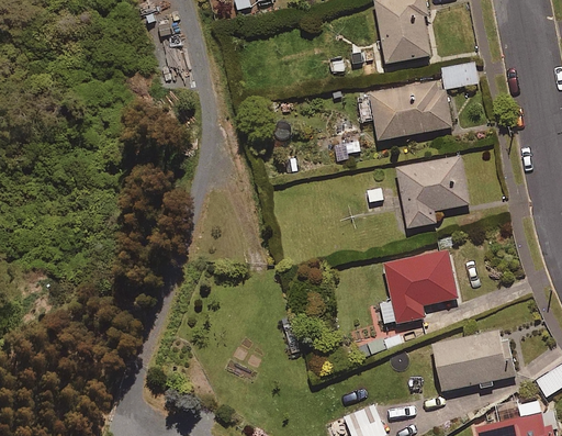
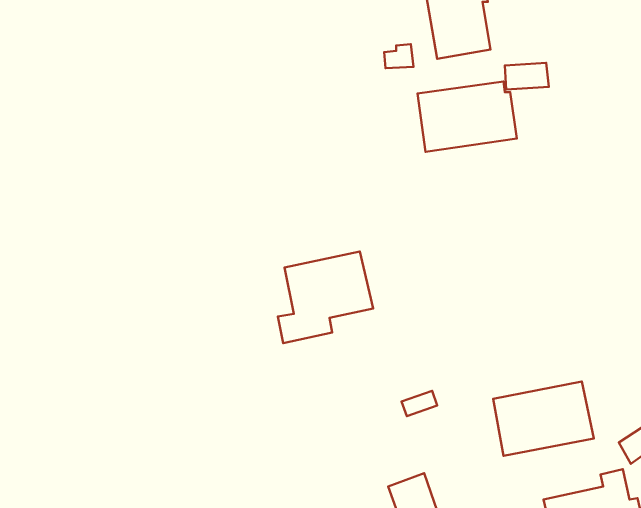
building: [396,157,469,227] -> none
building: [379,250,458,326] -> [278,252,373,343]

